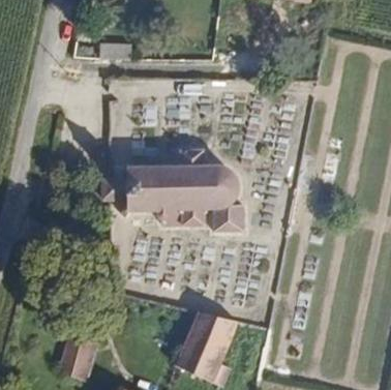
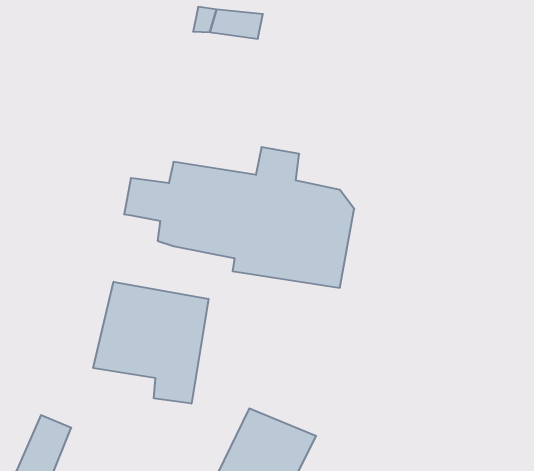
building: none -> [93,282,208,404]

